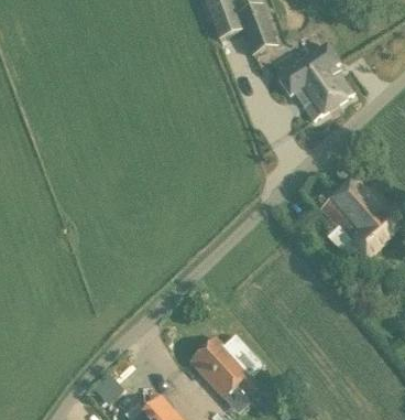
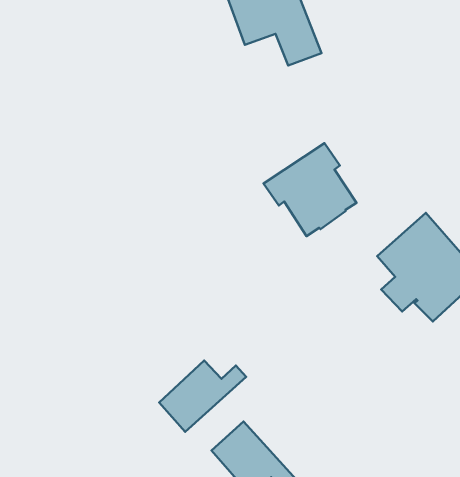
building: [278,45,352,119] -> [263,143,357,236]
building: none -> [159,361,246,432]

